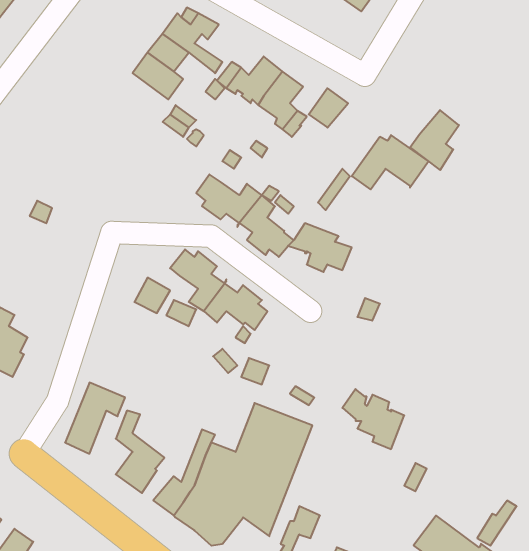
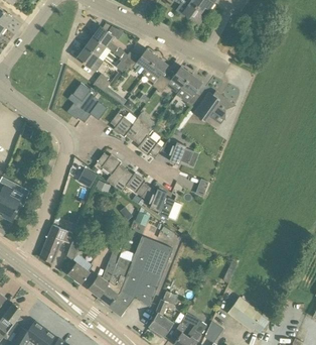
building: [410,110,459,170] -> [175,75,201,107]
building: none -> [68,85,107,123]
building: [342,389,404,449] -> [141,187,174,219]

